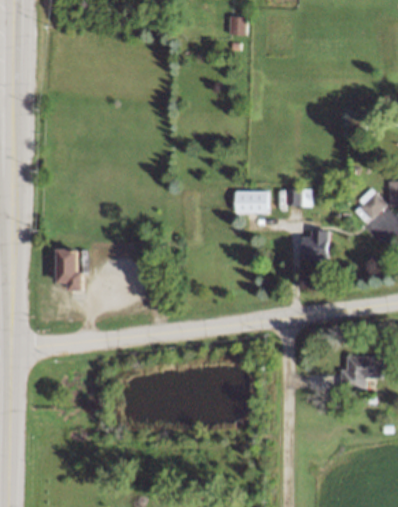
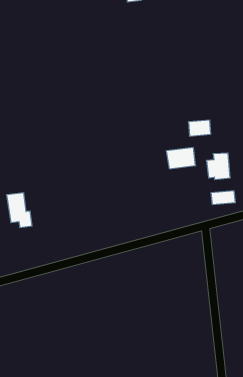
building: [233,191,266,213] -> [166,148,196,169]
building: none -> [211,191,235,205]

